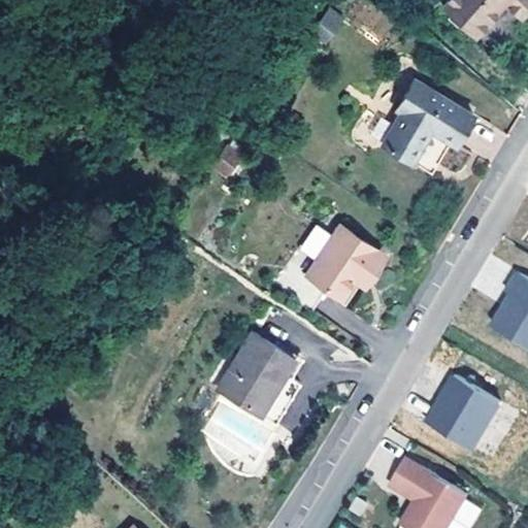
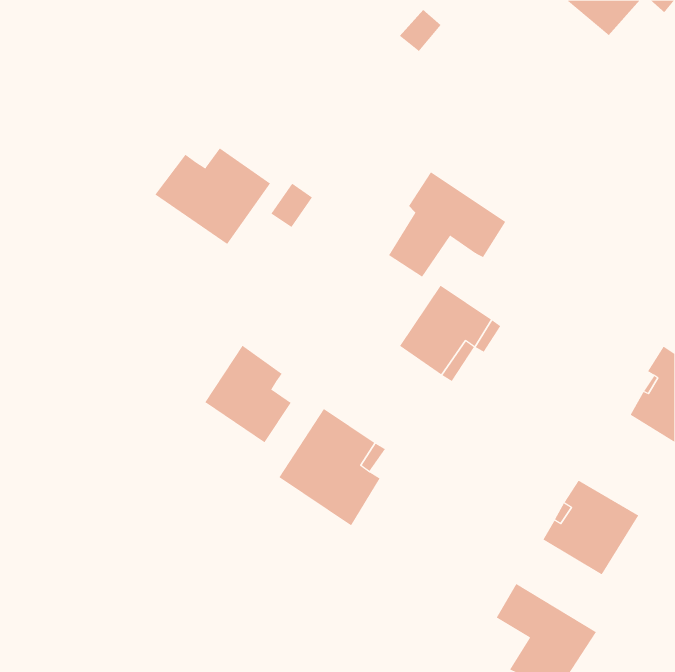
building: [385,77,476,160] -> [388,172,506,278]
building: none -> [155,148,271,245]
building: none -> [204,345,292,443]

